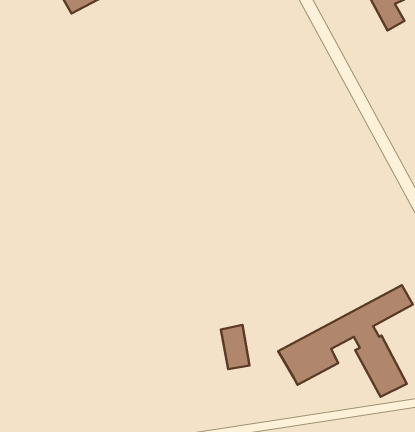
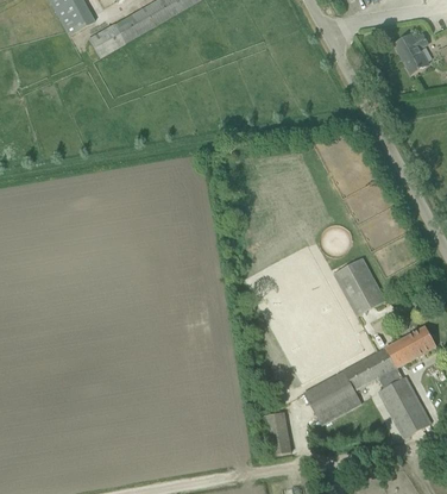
building: none -> [334,256,386,315]
building: [221,325,250,369] -> [265,411,294,455]

